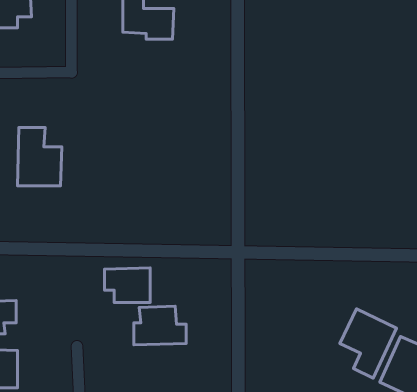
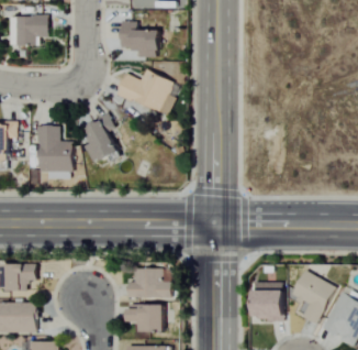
building: none -> [116,70,171,112]
building: none -> [83,114,118,164]
building: [104,268,150,303] -> [128,304,165,331]
building: none -> [254,282,284,320]

